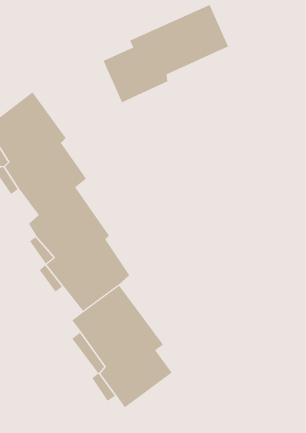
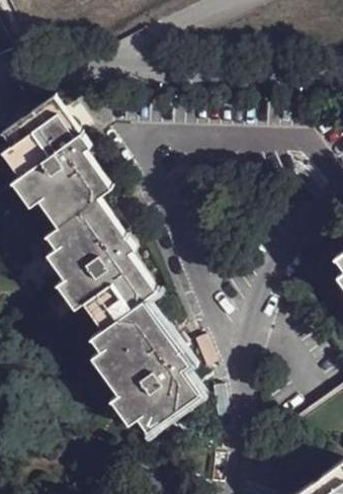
building: [103,4,229,103] -> none

